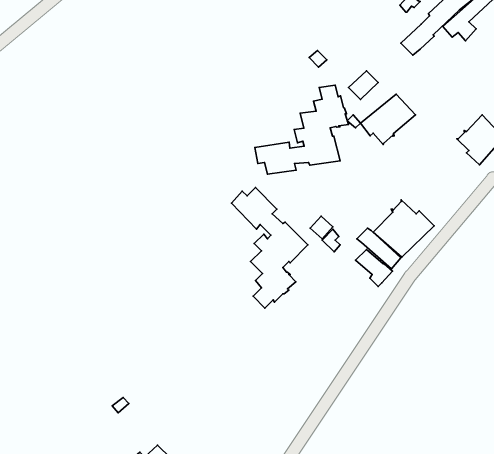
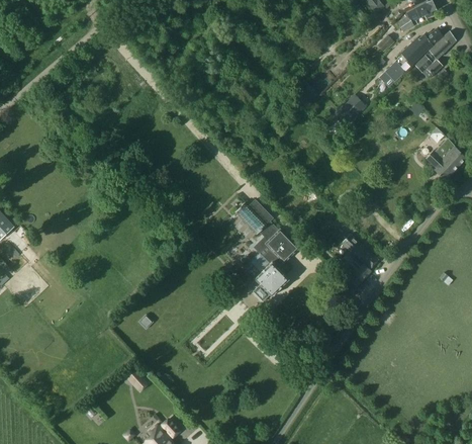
building: [255,85,349,174] -> none
building: [360,94,415,145] -> none
building: [373,200,434,257] -> none

